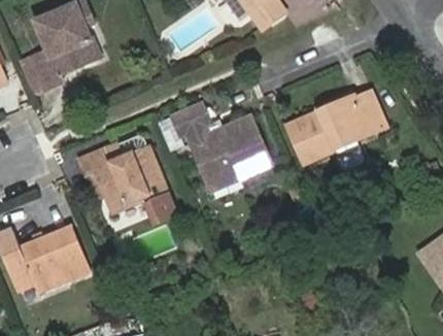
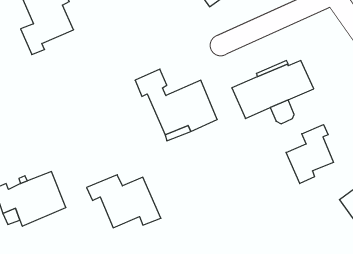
building: [77,143,167,207] -> [87,175,161,228]
building: none -> [286,125,334,184]

